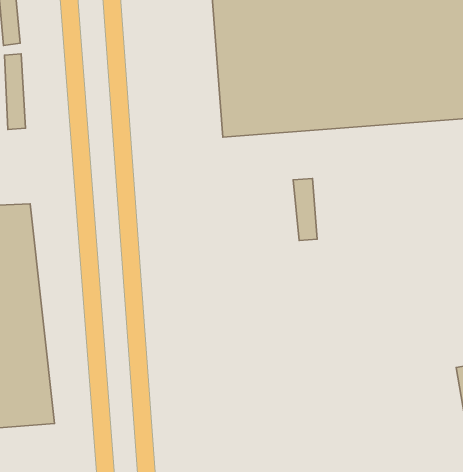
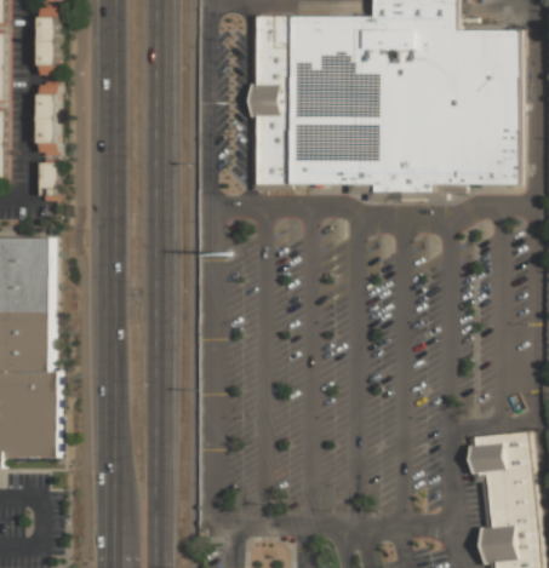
building: [293,179,317,240] -> none

